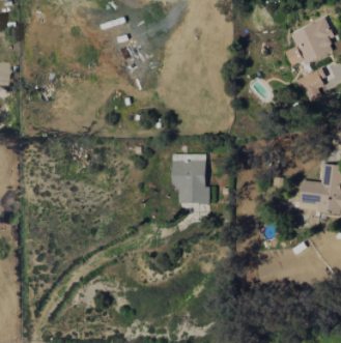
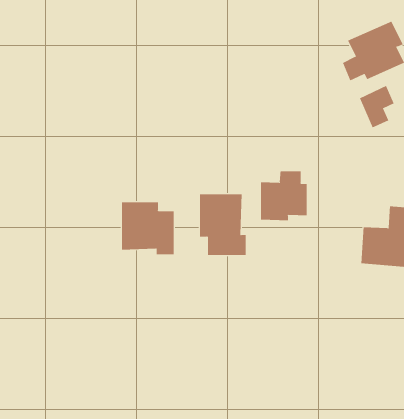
building: none -> [261,170,307,221]
building: none -> [122,201,174,255]

